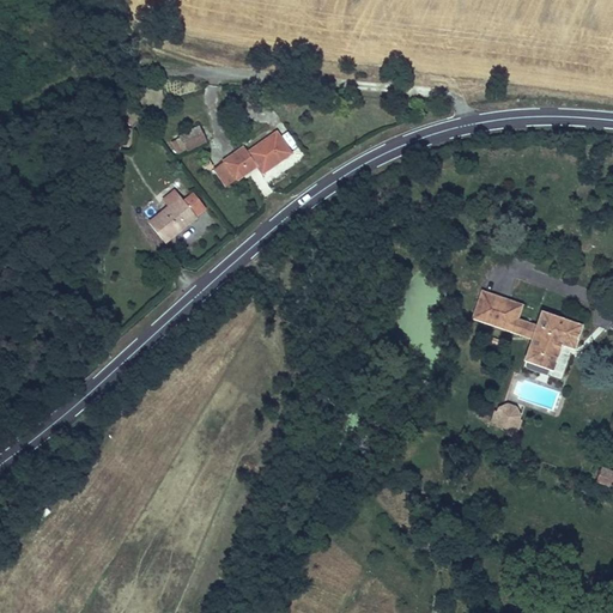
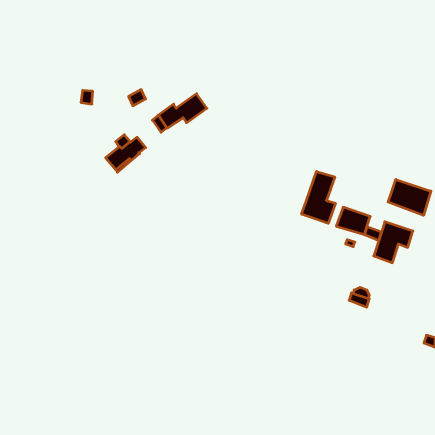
building: none -> [302,171,335,223]
building: none -> [388,179,431,215]

